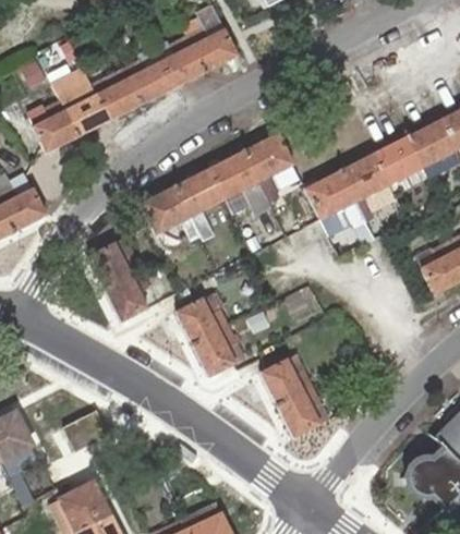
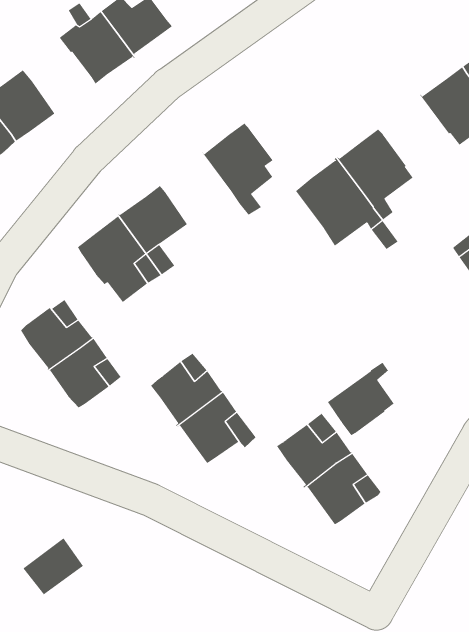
building: [124,49,174,105] -> none
building: [374,134,427,193] -> none
building: [209,149,270,211] -> none
building: none -> [324,362,395,436]

